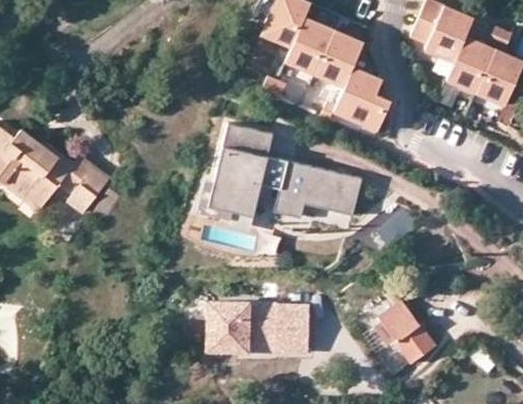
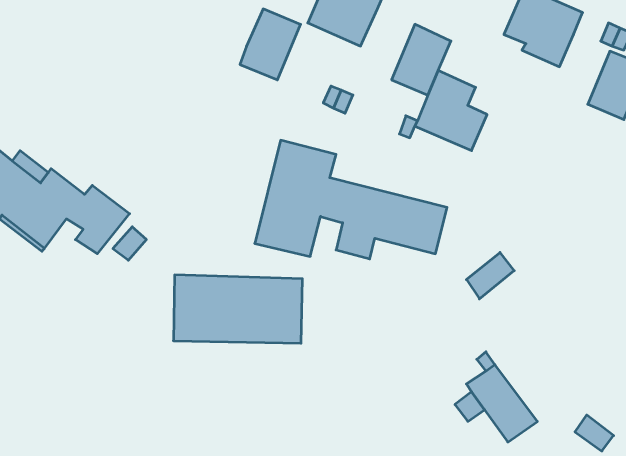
building: [288,18,337,74] -> [240,9,301,80]
building: [445,38,493,94] -> none
building: [208,300,311,354] -> [173,275,302,343]

